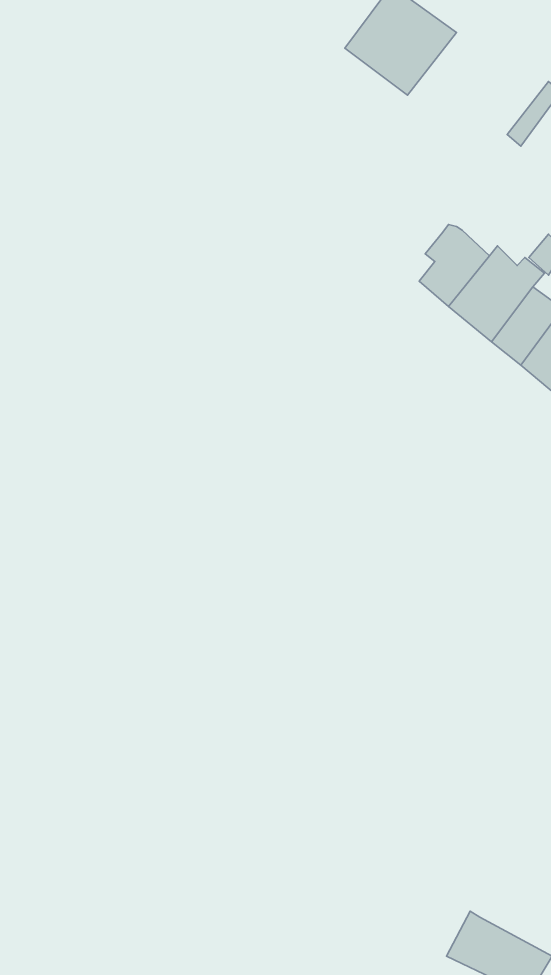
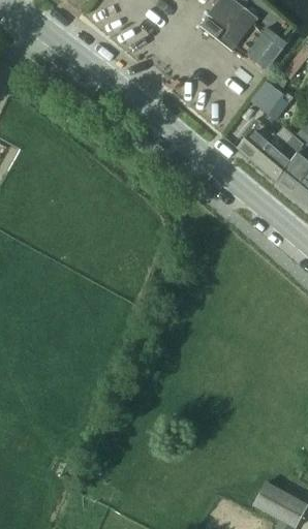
building: none -> [246,27,286,69]
building: none -> [250,83,292,121]

